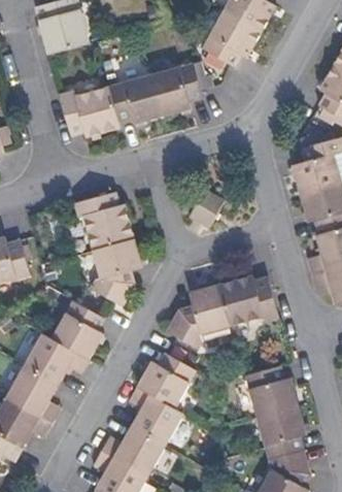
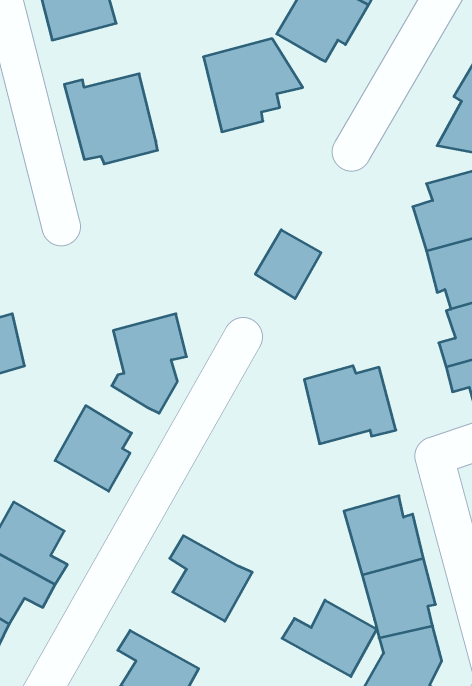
building: [106,65,162,124] -> none
building: [71,192,131,250] -> none
building: [165,283,228,349] -> none
building: [22,332,86,385] -> none
building: [136,350,195,408] -> none
building: [100,426,164,478] -> [282,600,377,677]

